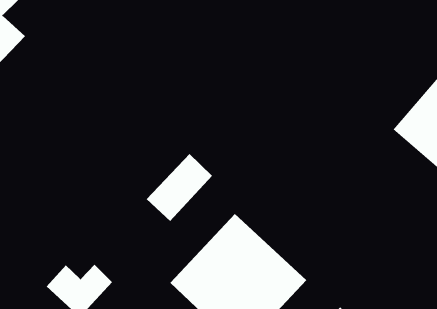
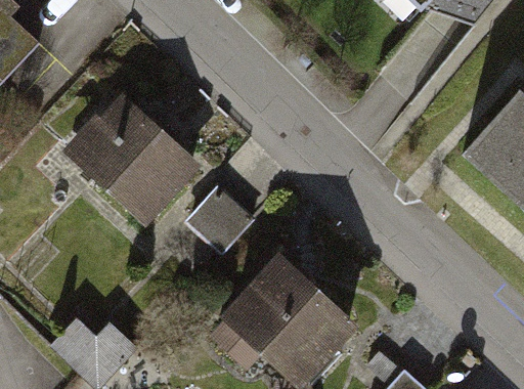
building: none -> [63,89,203,226]

